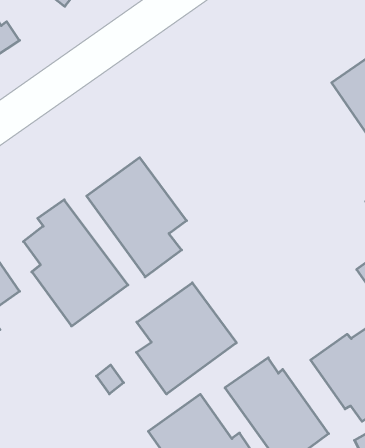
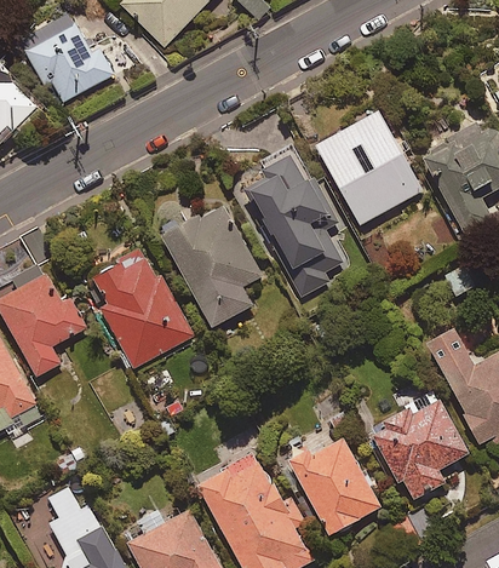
building: none -> [316,110,423,224]
building: none -> [245,145,343,296]
building: [136,283,236,394] -> none

